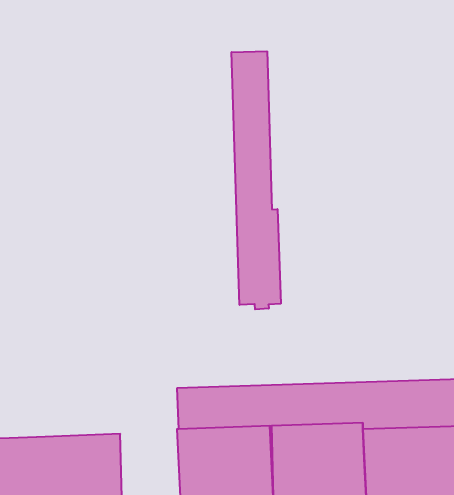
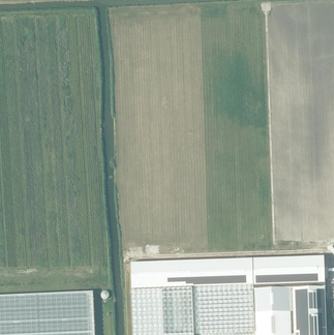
building: [232,51,281,309] -> none

